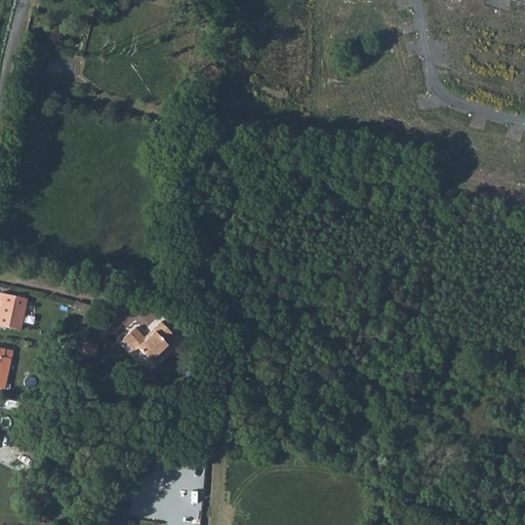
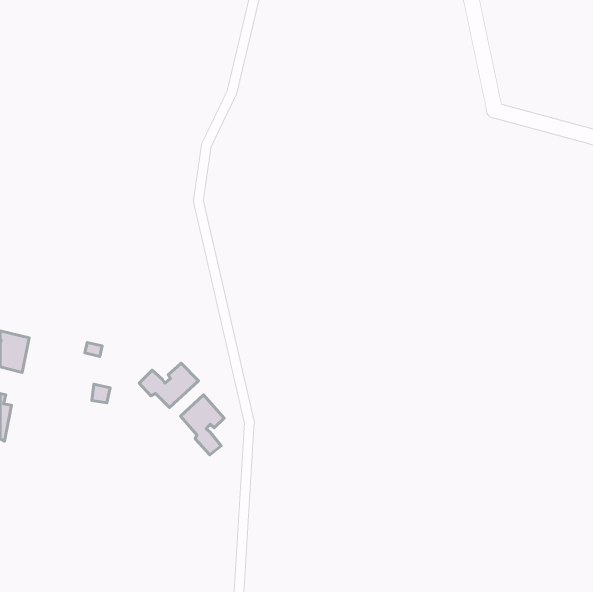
building: none -> [181,395,224,455]

